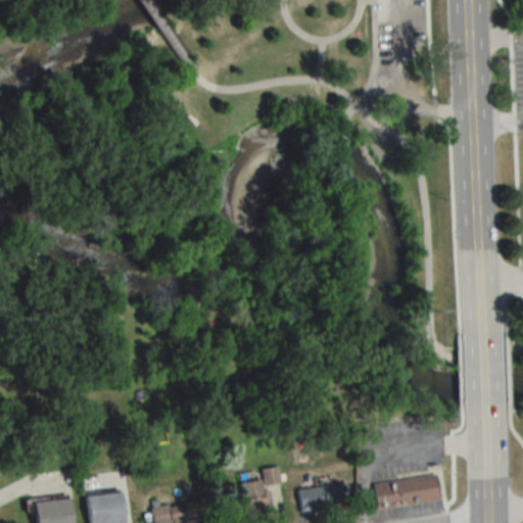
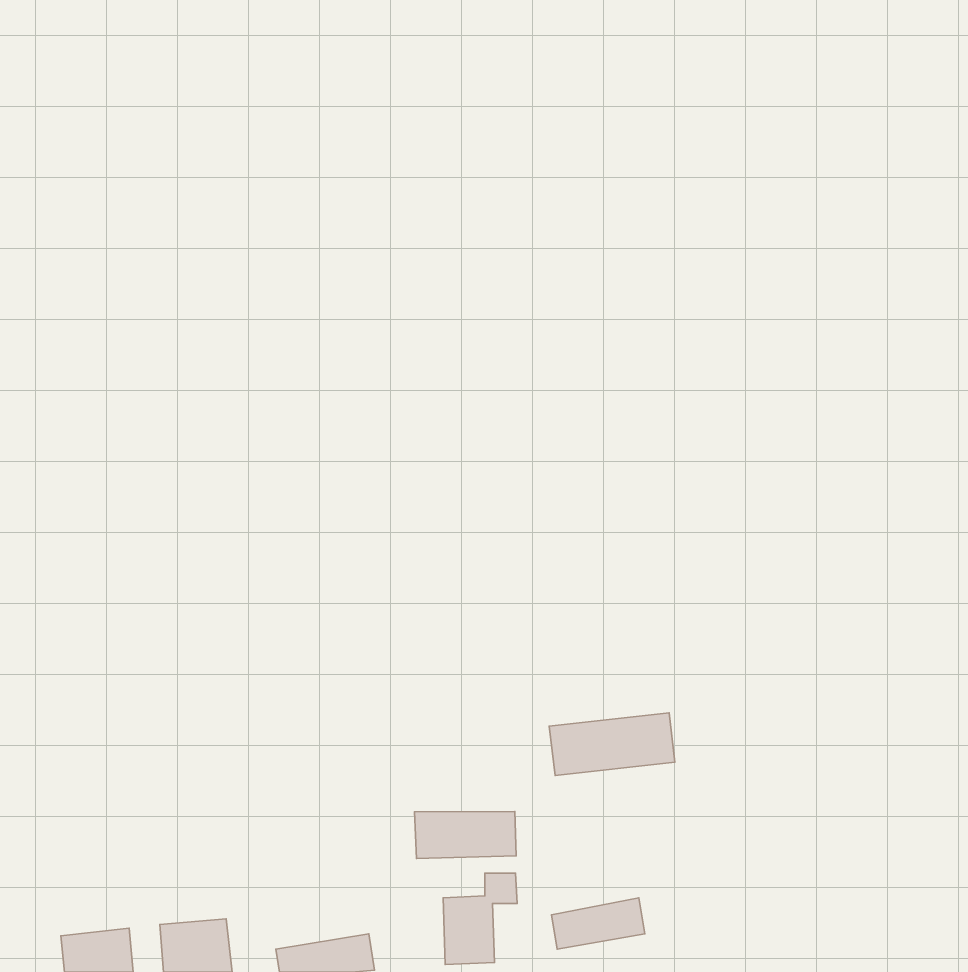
building: none -> [415,811,516,859]
building: [373,475,440,509] -> [549,713,675,776]

